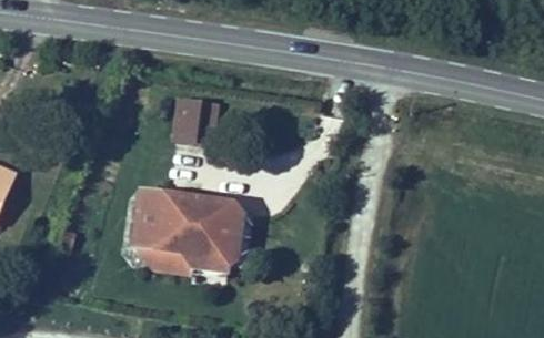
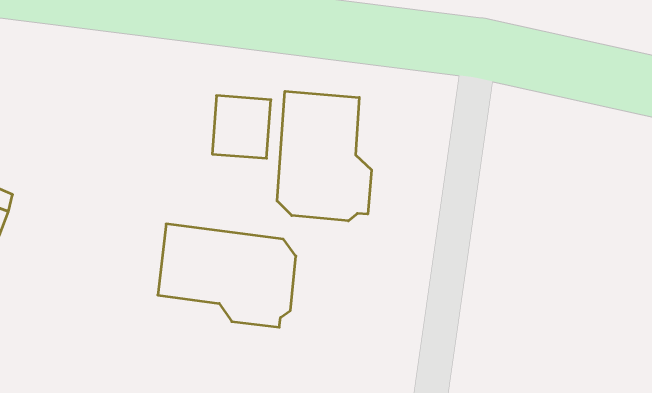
building: none -> [277,91,372,221]

